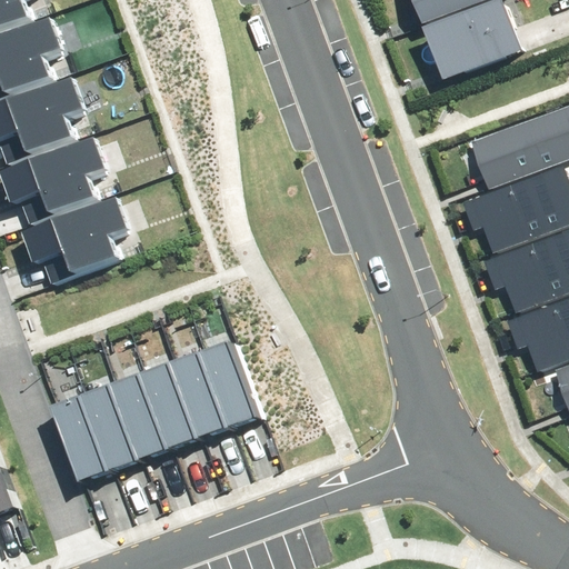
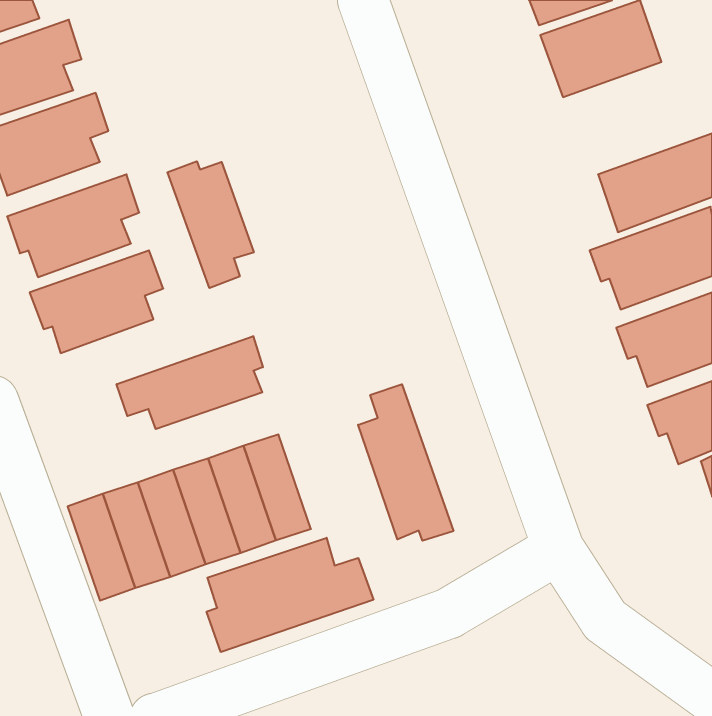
building: none -> [167,161,254,288]
building: none -> [117,336,263,429]
building: none -> [358,384,453,541]
building: none -> [207,538,373,652]

